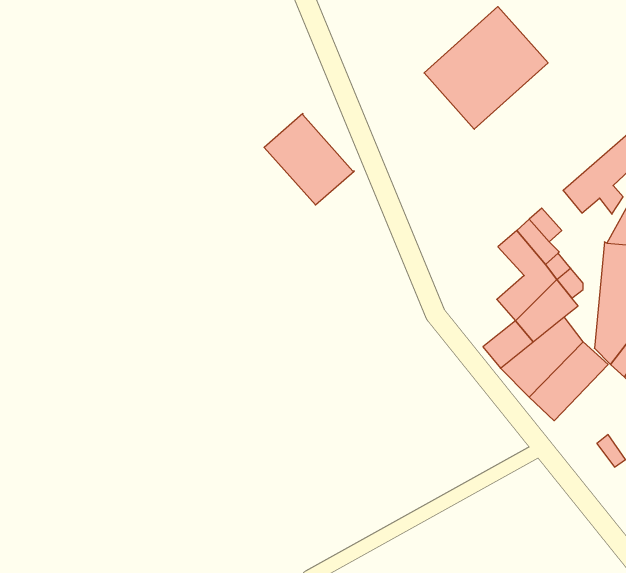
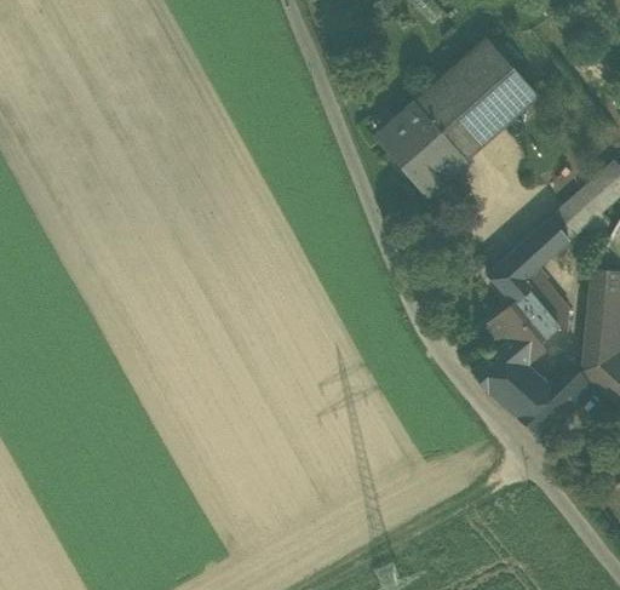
building: [264,114,354,205] -> [379,102,466,190]
building: none -> [530,217,569,256]

